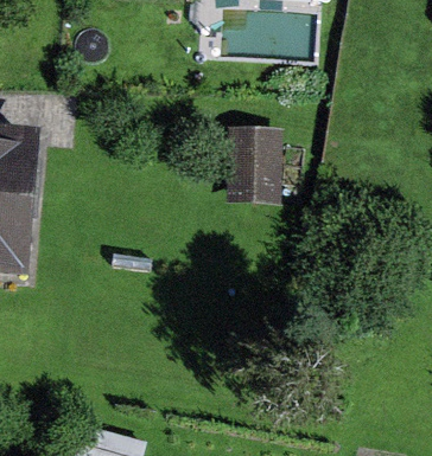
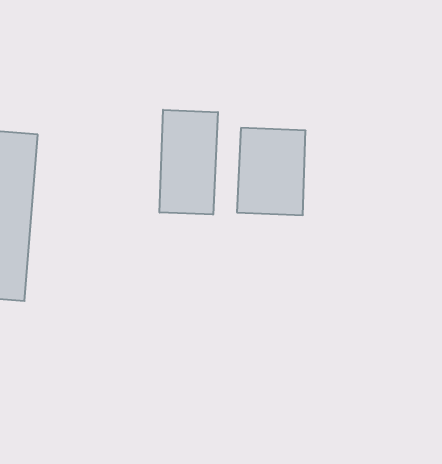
building: none -> [160,110,218,215]

